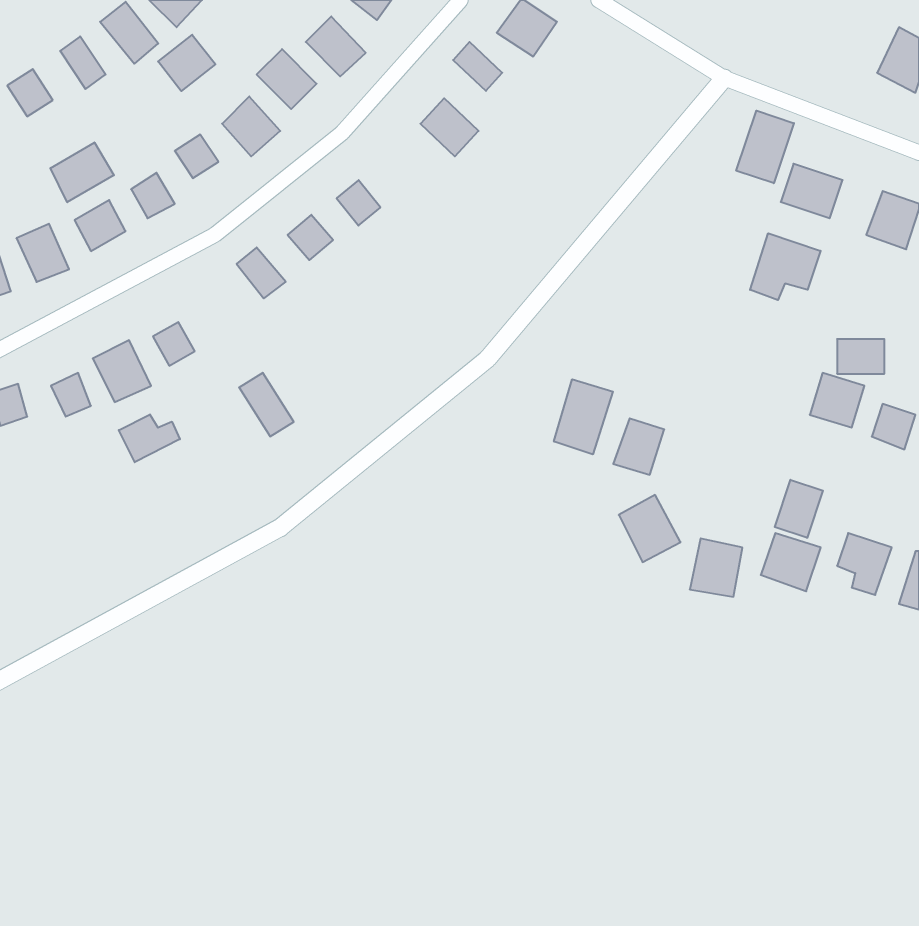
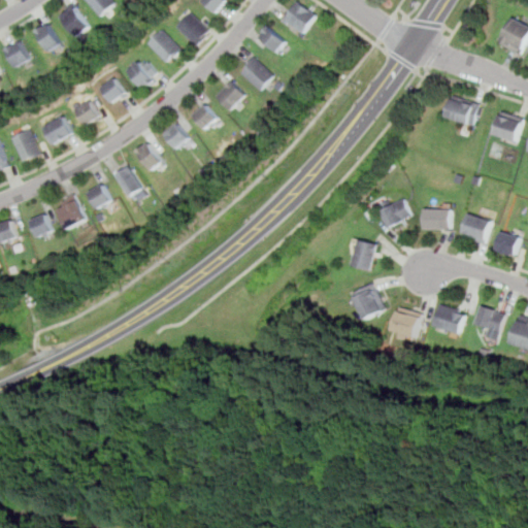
building: [158,35,215,91] -> none
building: [736,111,794,183] -> none
building: none -> [214,81,243,110]
building: [50,142,114,202] -> none
building: [750,233,821,300] -> none
building: [837,339,884,374] -> [422,209,449,229]
building: none -> [376,198,410,229]
building: [239,373,294,436] -> [114,166,145,202]
building: [554,379,613,454] -> none
building: [119,414,180,462] -> none
building: [775,480,823,538] -> none

